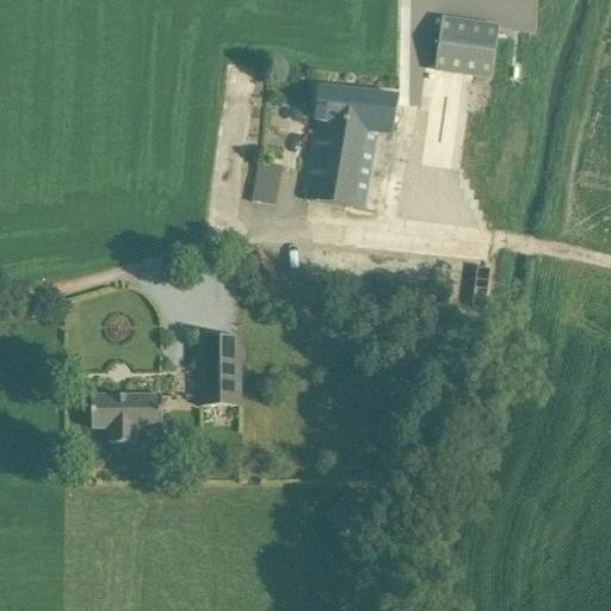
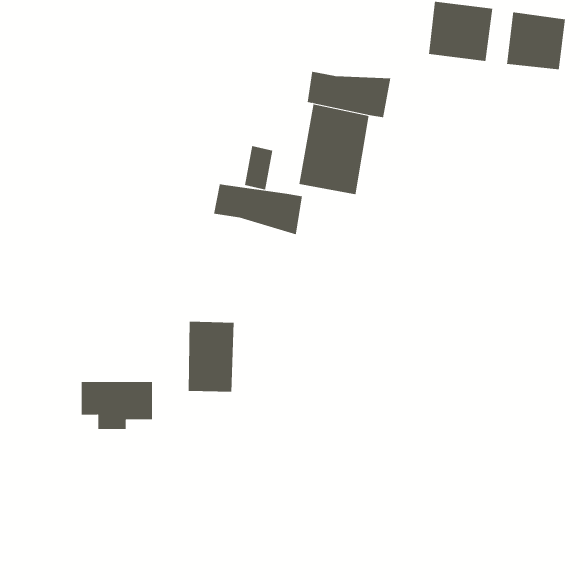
building: none -> [506,12,565,70]
building: none -> [214,184,303,235]

